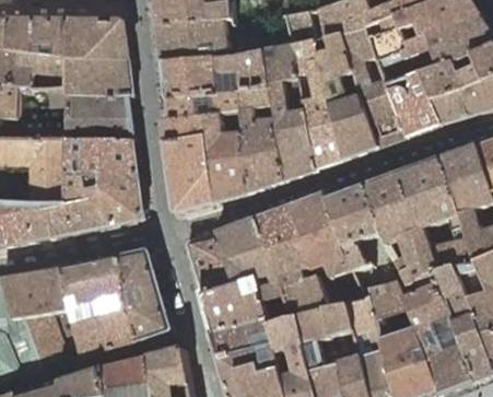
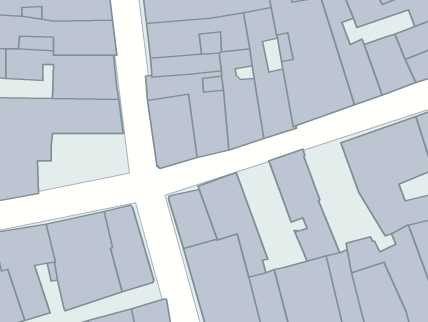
building: [49,175,142,237] -> none
building: [325,185,409,299] -> none
building: [255,203,328,314] -> none

